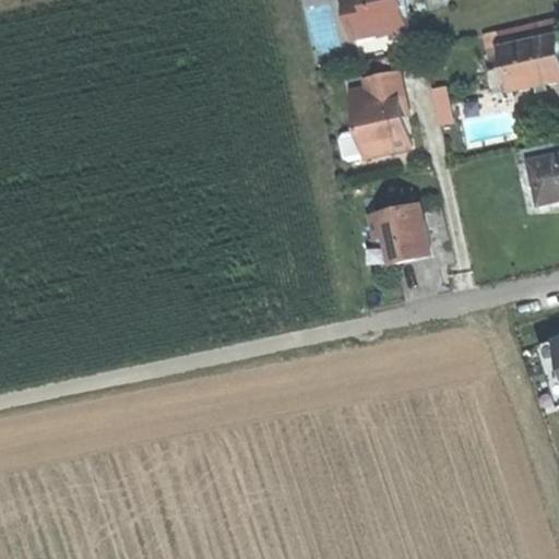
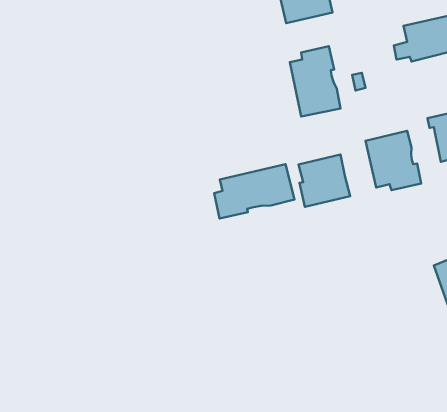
building: none -> [365,131,421,190]
building: none -> [214,164,294,218]

